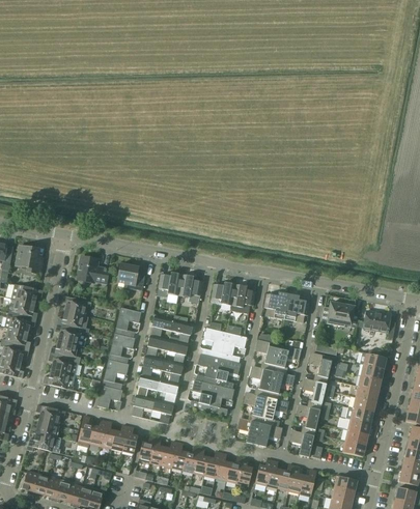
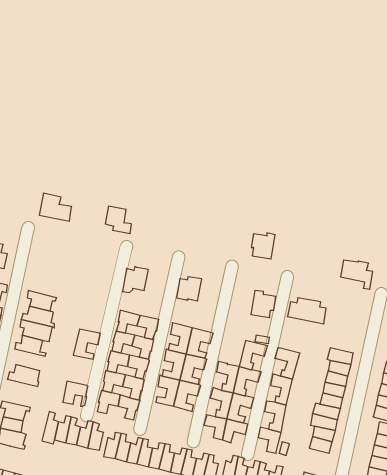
building: [77,256,109,284] -> [39,193,72,221]
building: [117,264,143,291] -> [105,206,131,233]
building: [178,275,202,304] -> none
building: [230,284,256,314] -> none
building: [264,293,288,319] -> [251,233,275,259]
building: [114,308,141,338] -> none
building: [363,311,395,340] -> [340,260,373,289]
building: [256,340,279,371] -> none
building: [48,354,80,375] -> none
building: [102,360,129,390] -> none

